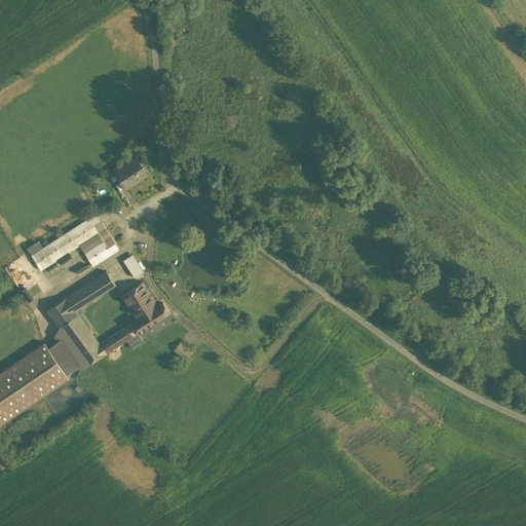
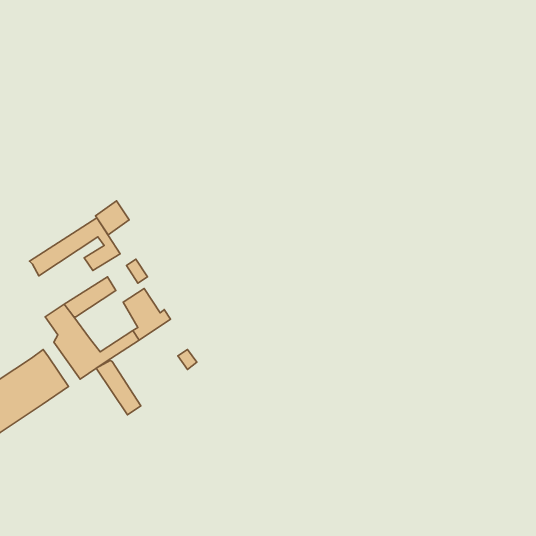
building: [112,156,145,189] -> [95,201,129,235]
building: none -> [96,361,141,415]

